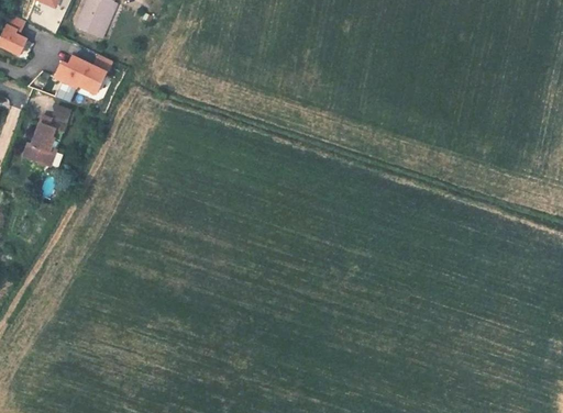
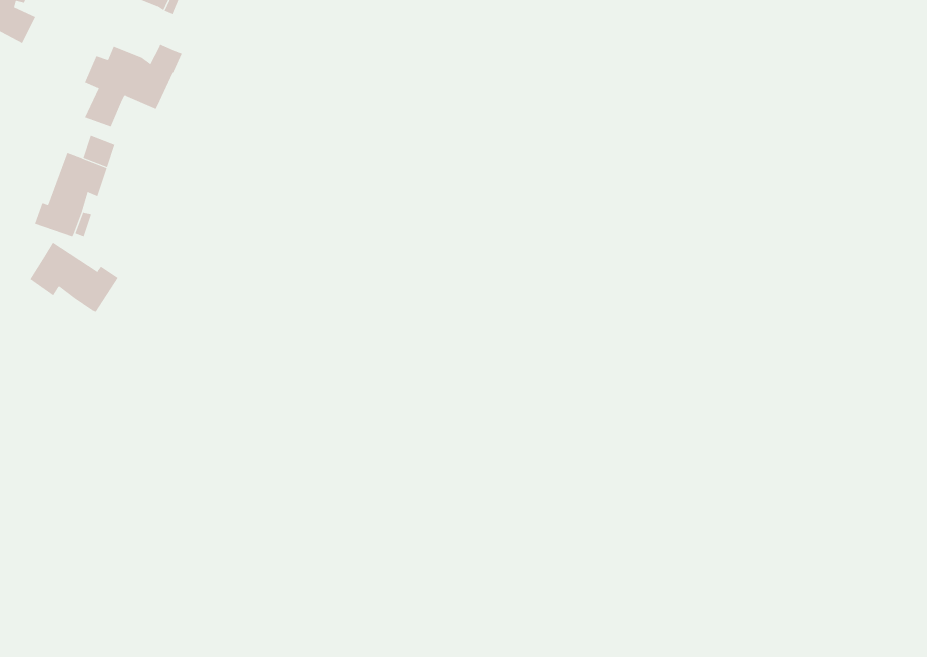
building: none -> [30,242,119,313]

